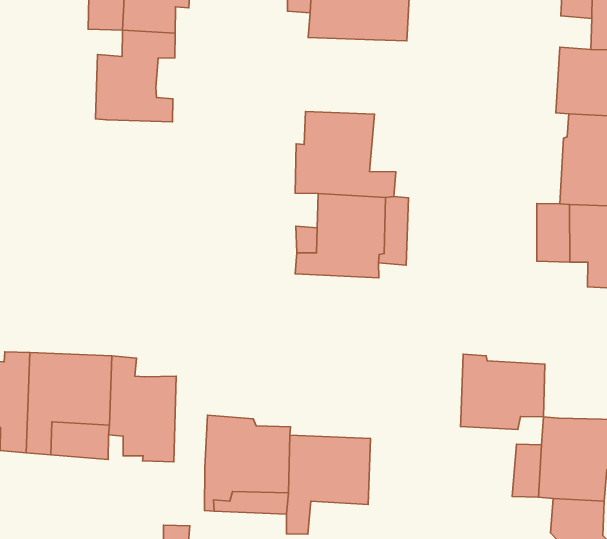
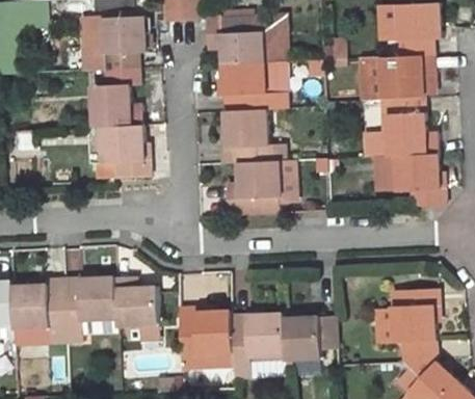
building: none -> [222,62,287,111]
building: none -> [360,57,382,100]
building: none -> [100,125,150,178]
building: [460,354,545,430] -> [283,314,337,360]

